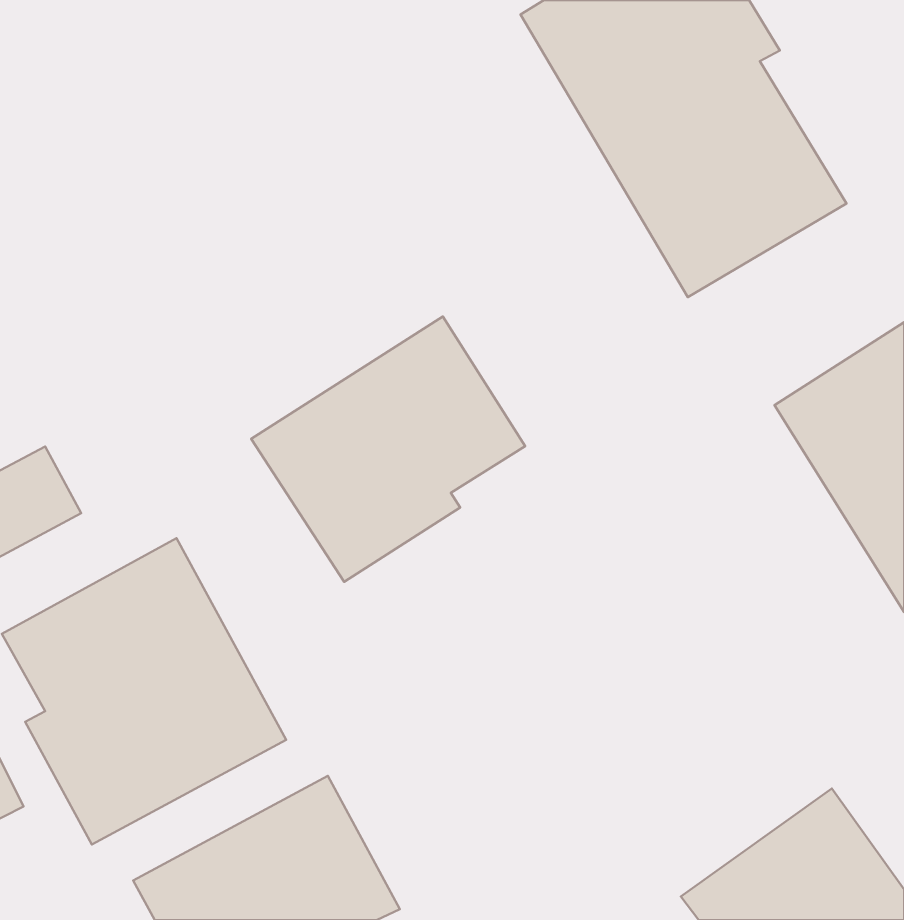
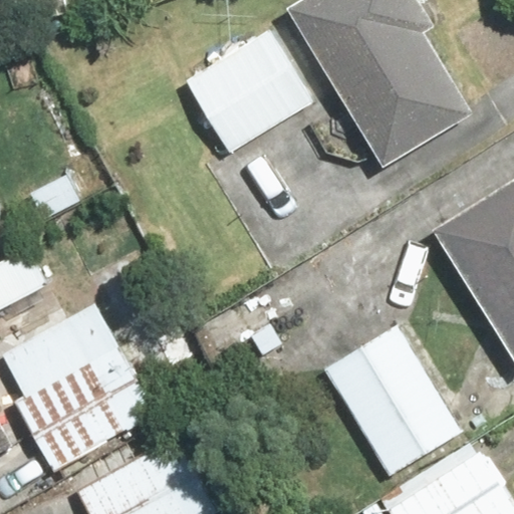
building: none -> [187,30,316,155]
building: [251,317,525,582] -> none
building: none -> [323,326,459,476]

